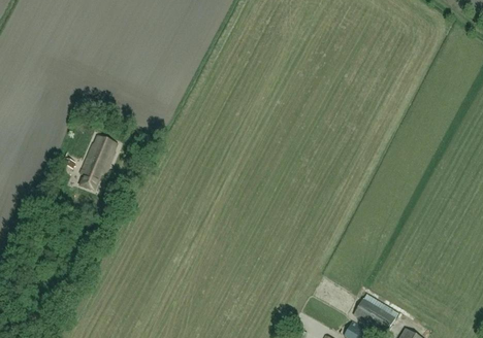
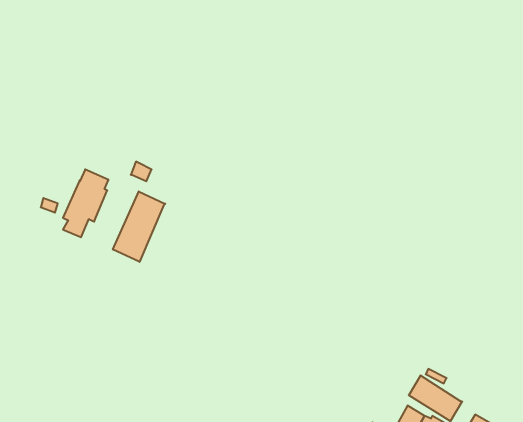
building: none -> [113,191,165,262]

